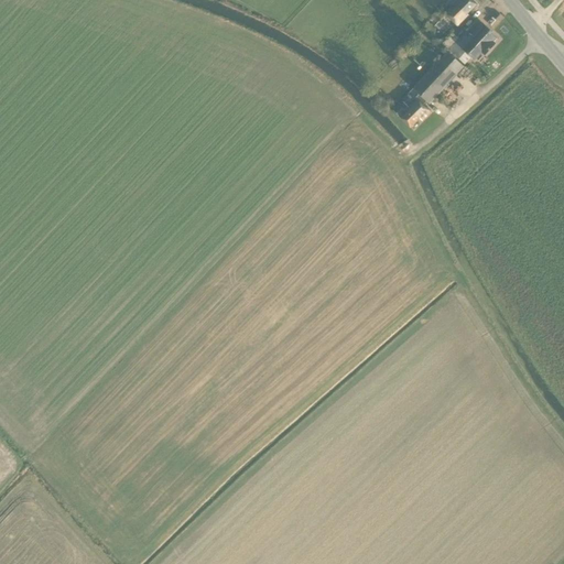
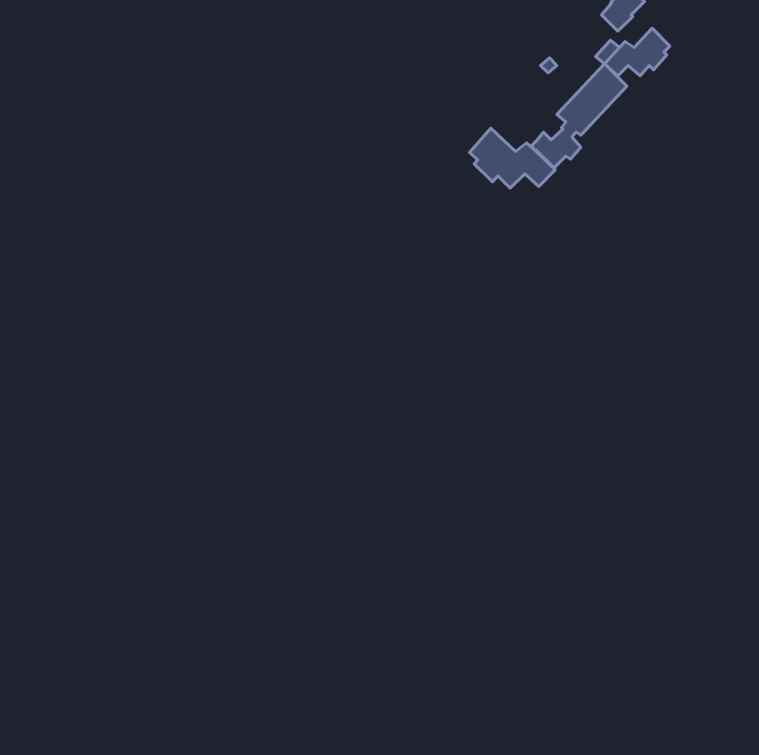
building: none -> [470,128,555,188]

